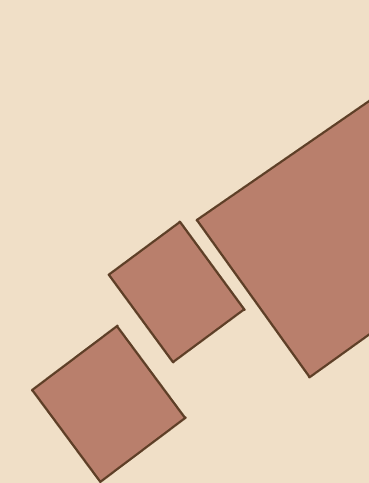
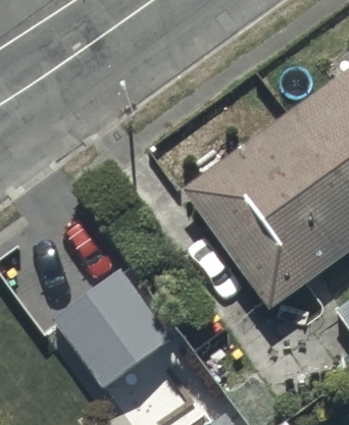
building: [109,222,244,362] -> none

